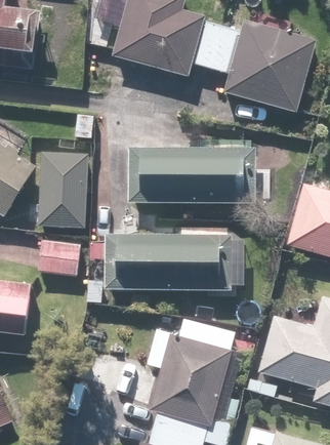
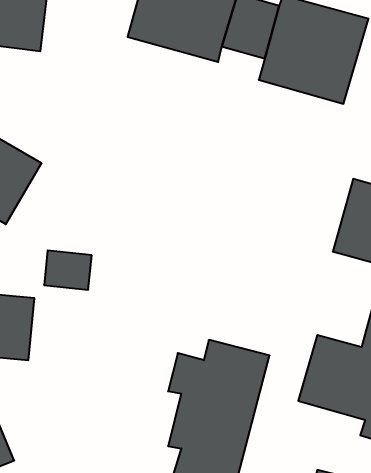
building: [127,149,255,203] -> none
building: [39,152,90,228] -> none
building: [100,232,244,292] -> none

